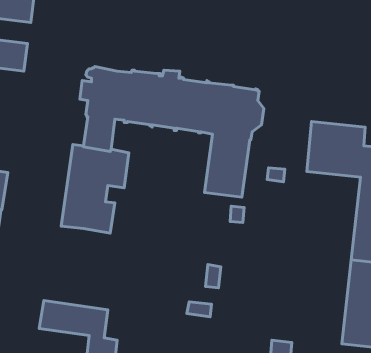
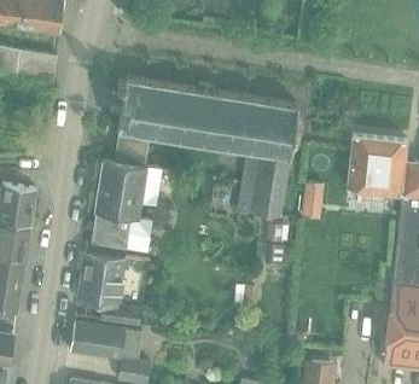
building: none -> [77,252,141,325]

